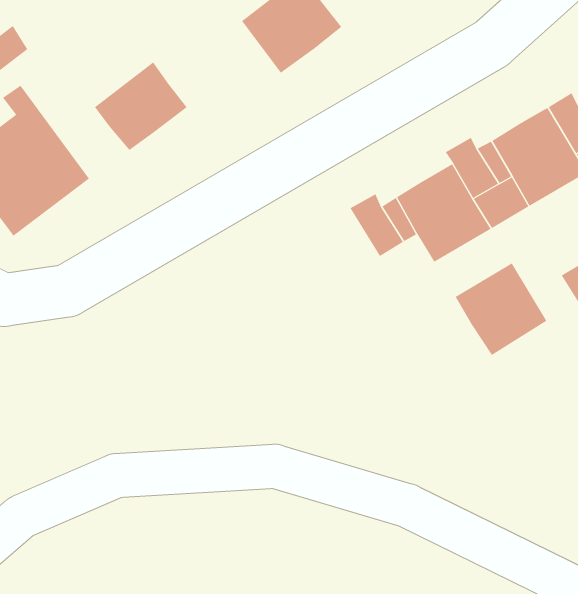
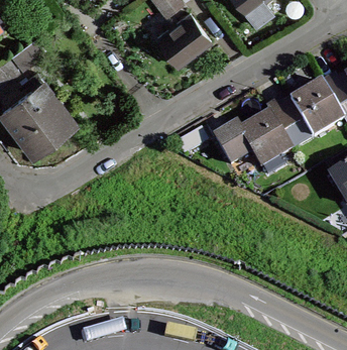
building: [94,62,188,151] -> none
building: [455,262,547,356] -> none

